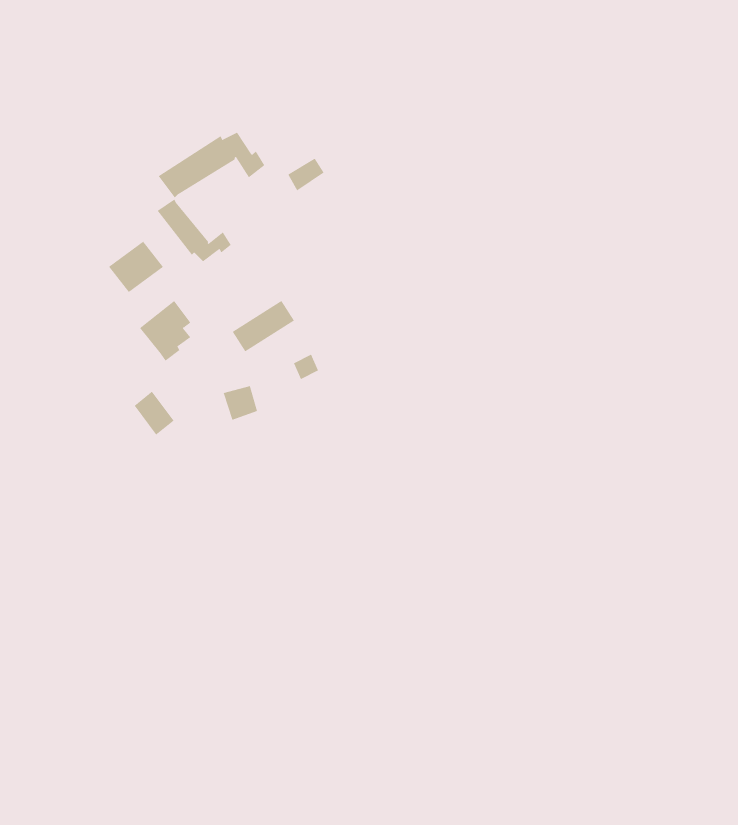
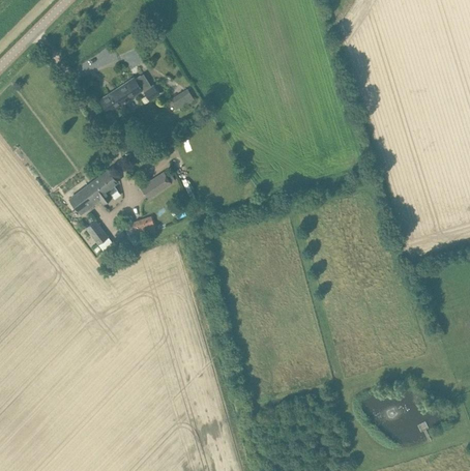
building: [157,198,232,262] -> none
building: [108,241,164,293] -> [68,184,99,213]

